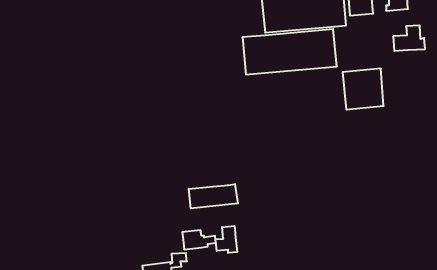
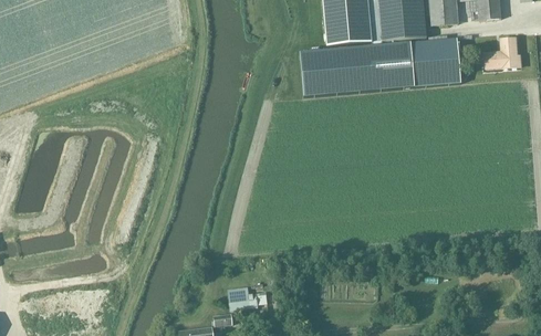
building: [343,69,384,110] -> [410,36,460,86]
building: [189,184,238,208] -> none
building: [216,226,237,253] -> none

